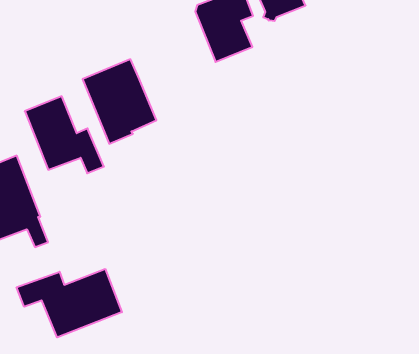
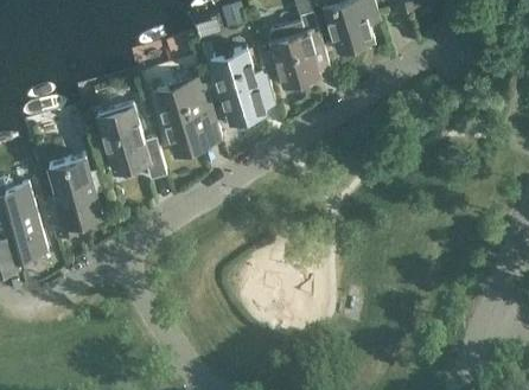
building: none -> [210,51,275,124]
building: [17,269,122,337] -> none

